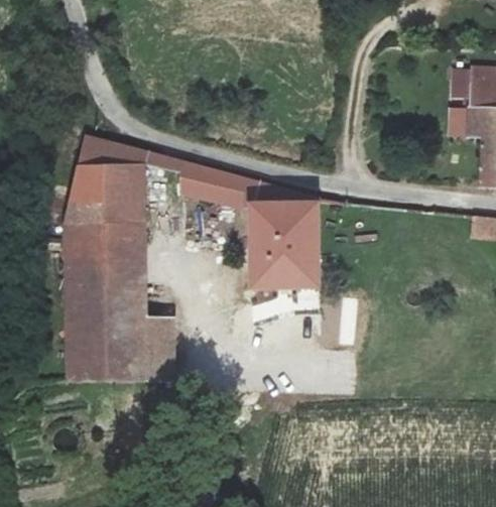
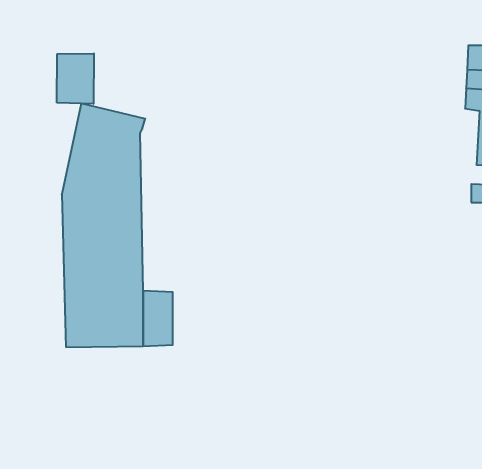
building: none -> [57,53,94,104]
building: [143,150,320,287] -> none

